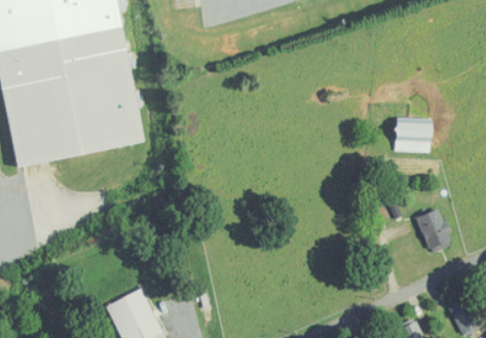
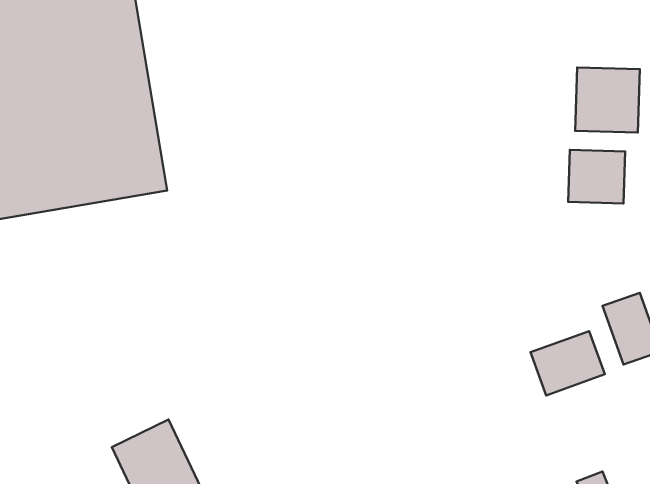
building: none -> [575,68,640,132]
building: none -> [531,331,605,395]

